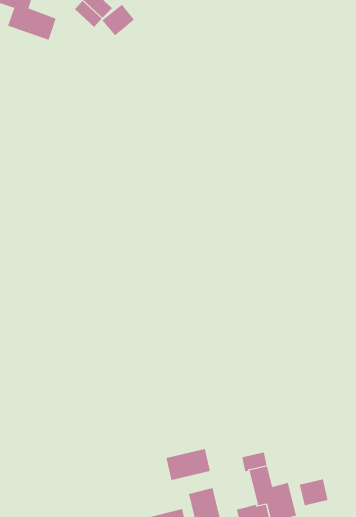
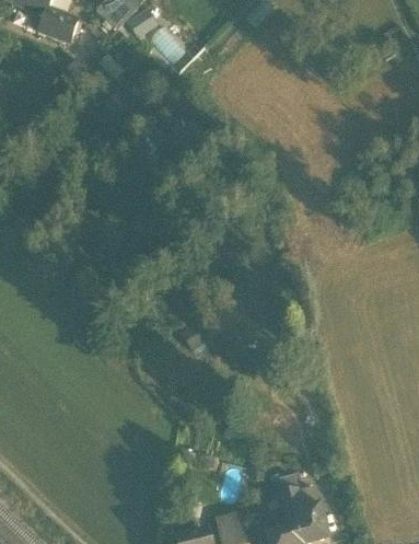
building: [166,448,211,481] -> none
building: [299,479,328,506] -> none

